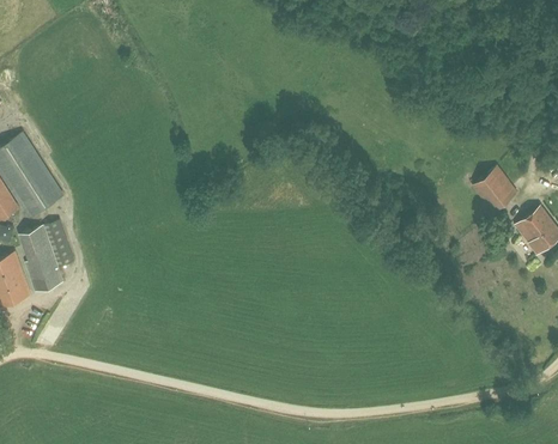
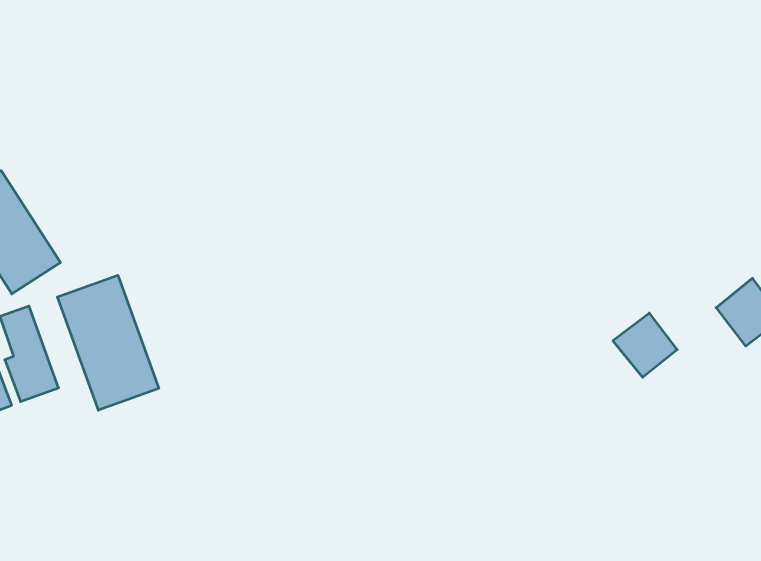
building: [472,168,516,212] -> [613,313,677,377]
building: none -> [57,275,159,410]

